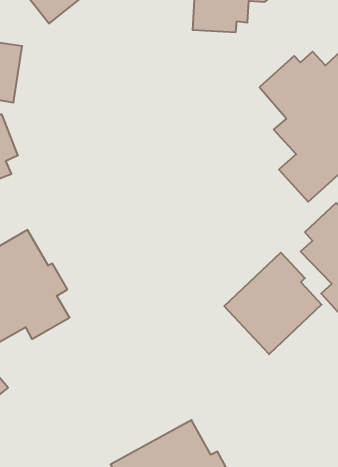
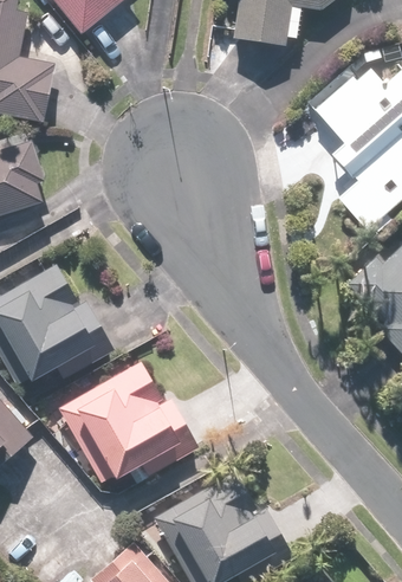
building: [224,253,322,354] -> none
building: none -> [58,358,199,486]

